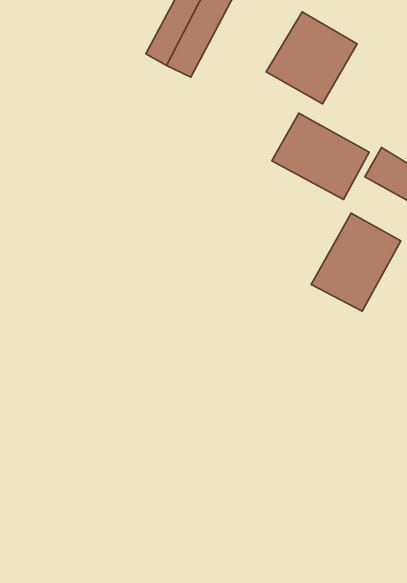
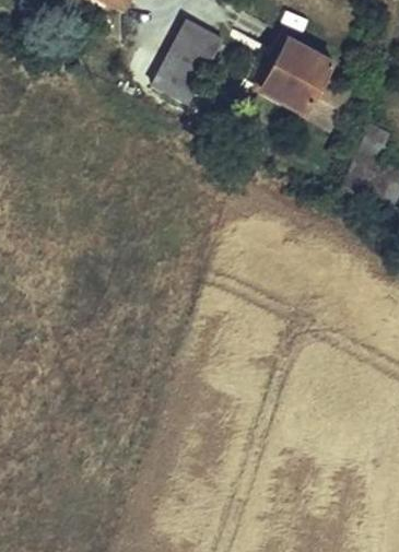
building: [272,113,369,199] -> none
building: [311,213,401,311] -> none

